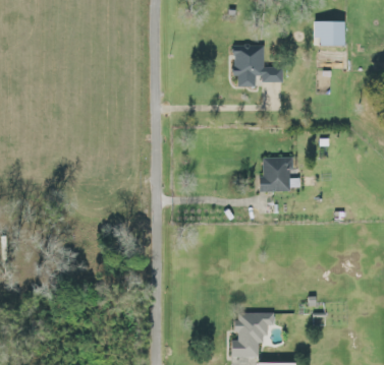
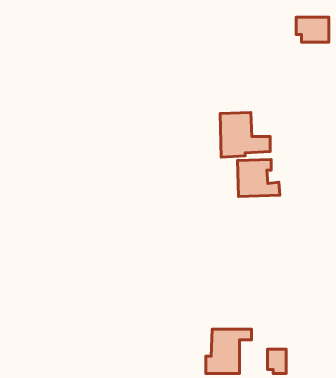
building: [234,46,281,87] -> [220,113,270,157]
building: none -> [267,349,286,374]

